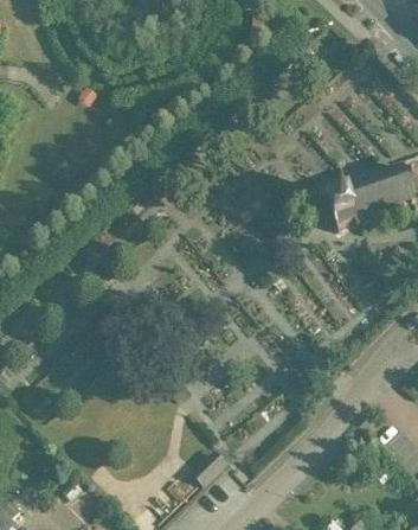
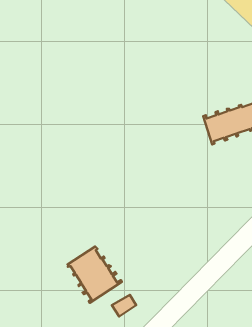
building: none -> [67,247,122,303]

